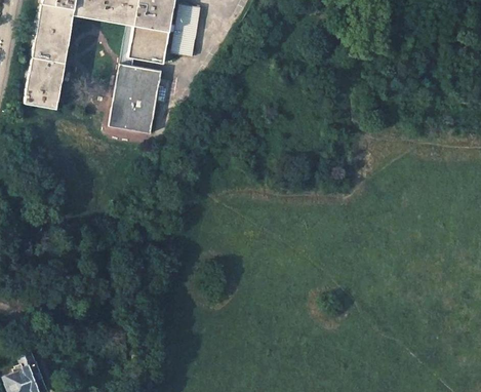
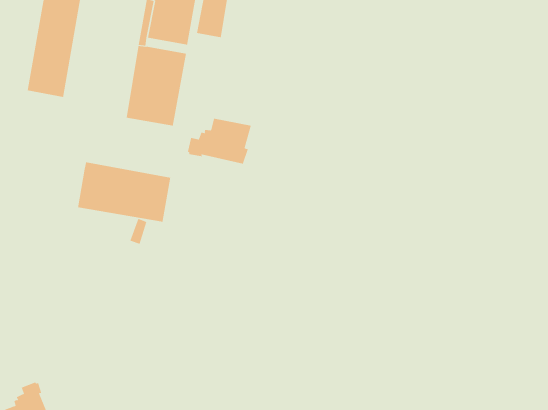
building: none -> [187,118,252,164]
building: none -> [77,161,171,222]

